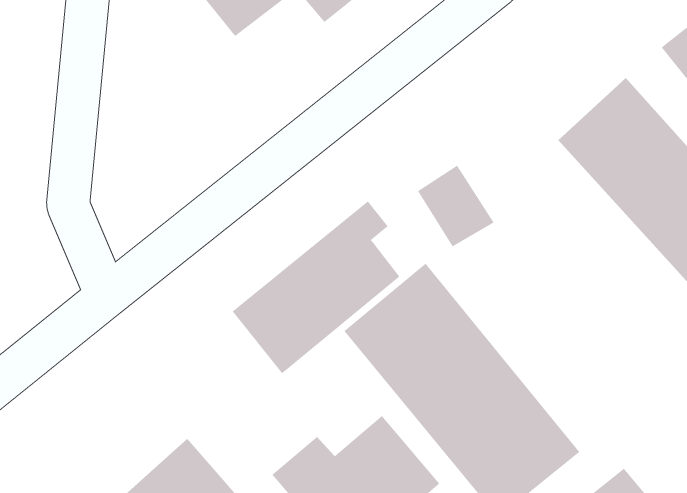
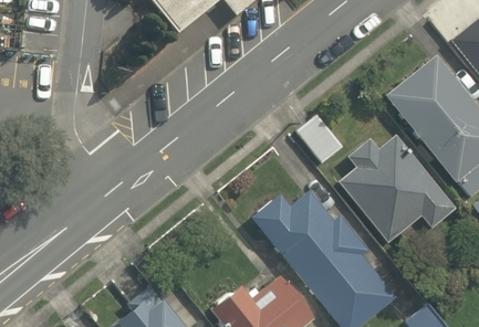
building: [232,201,400,374] -> none
building: none -> [341,137,455,243]

